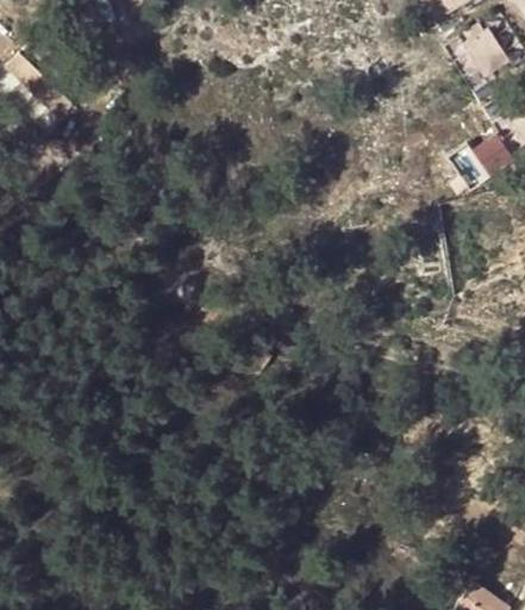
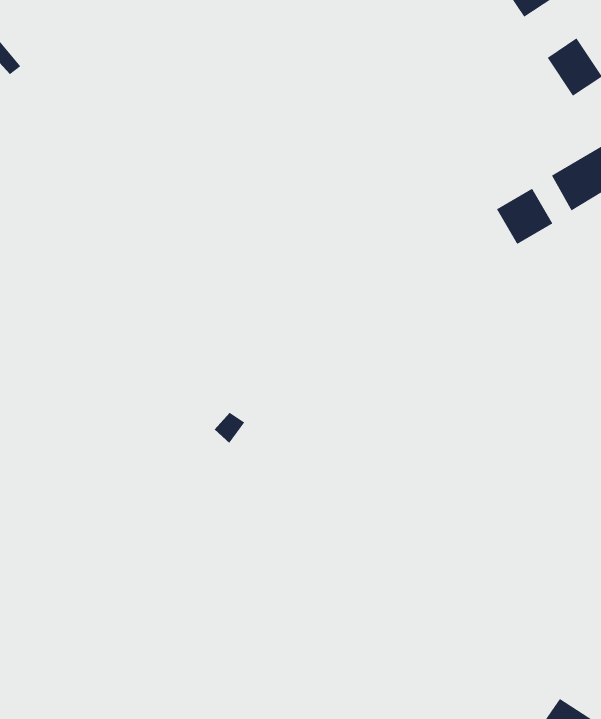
building: none -> [496,188,553,245]

